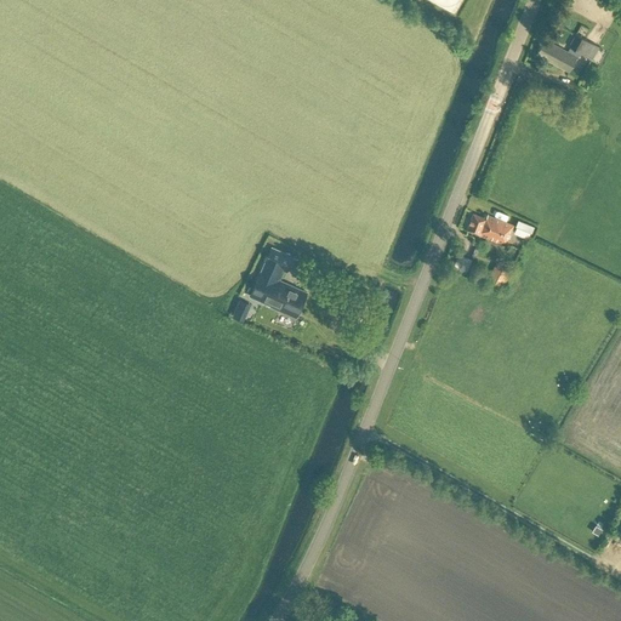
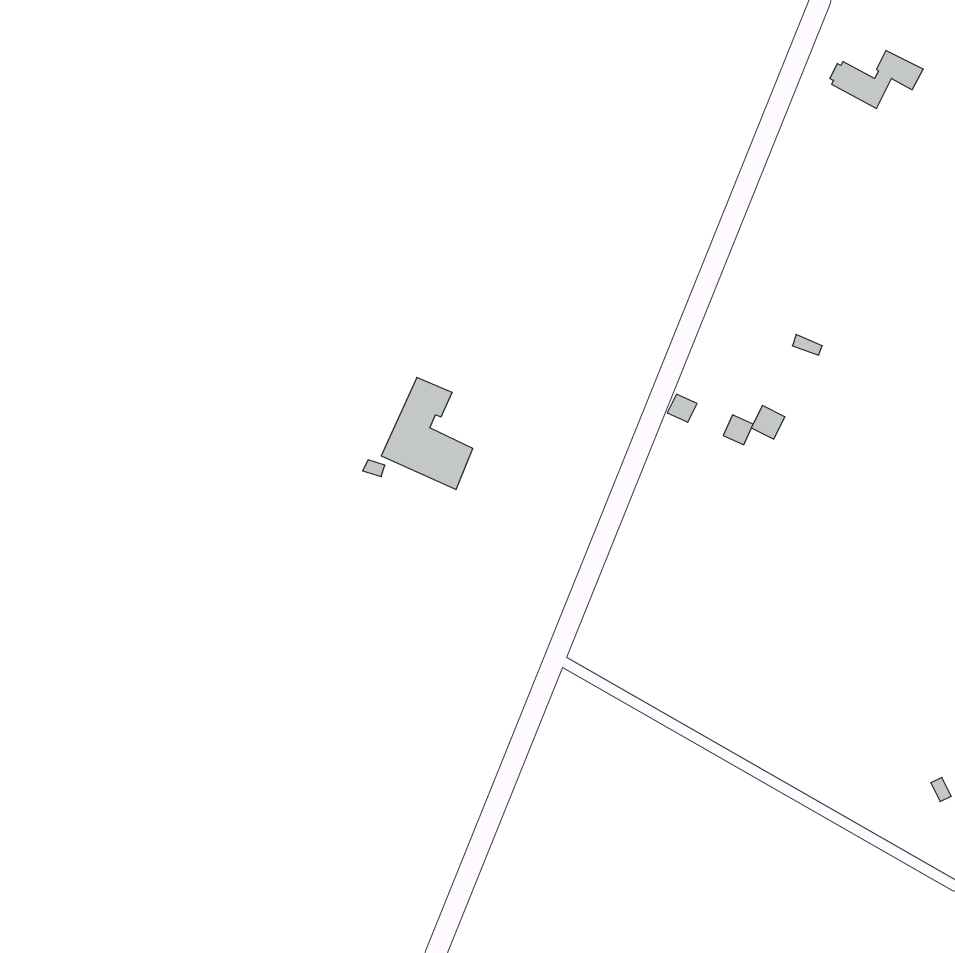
building: [466,213,512,244] -> none

